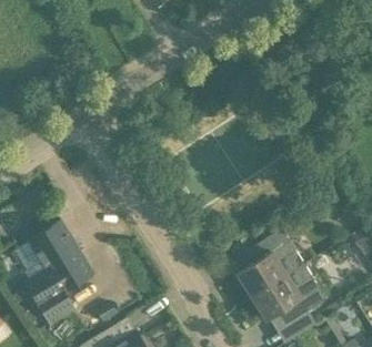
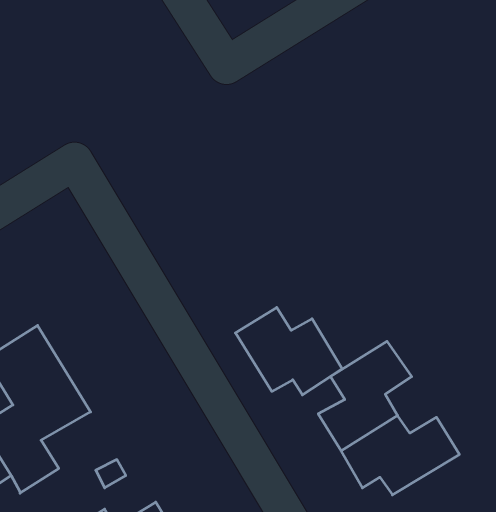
building: none -> [235,307,342,395]

